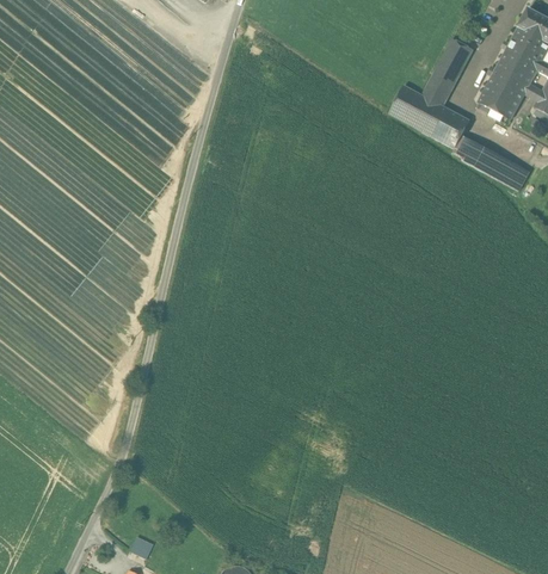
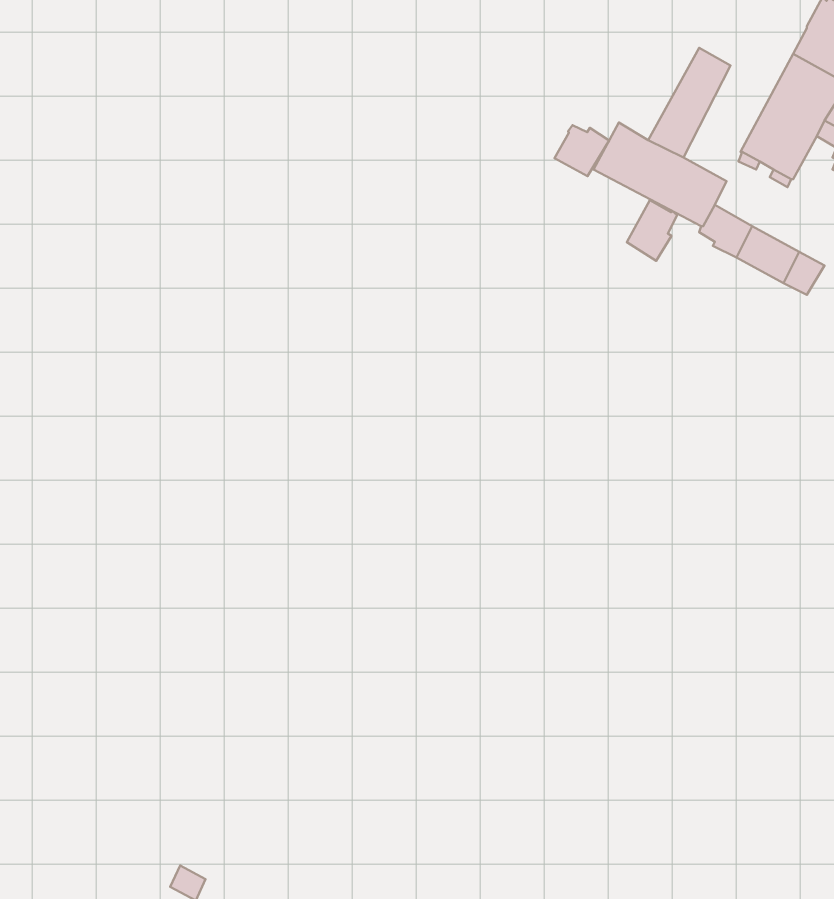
building: none -> [554,125,609,176]
building: none -> [627,200,677,261]

